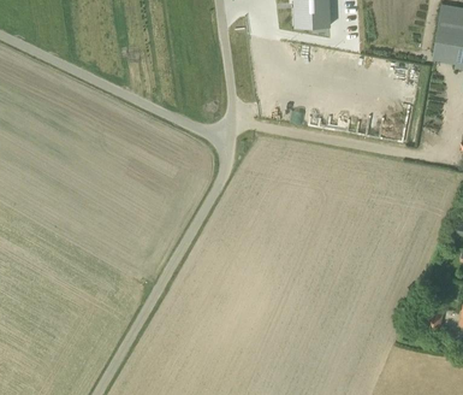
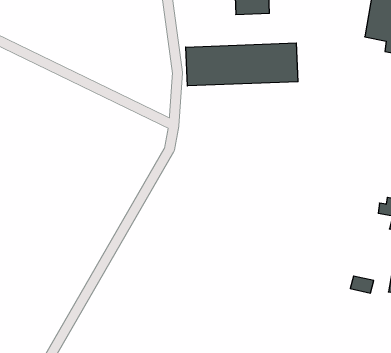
building: none -> [186,43,298,86]

